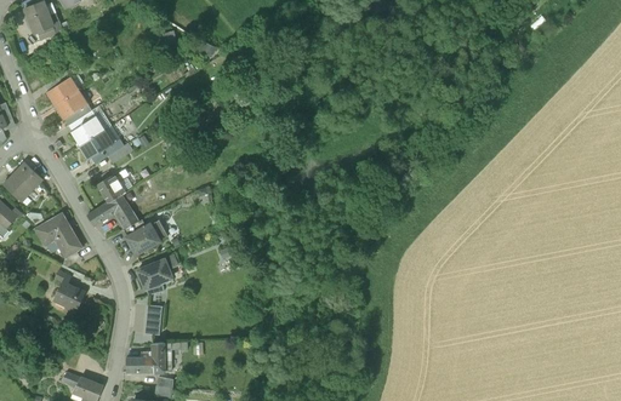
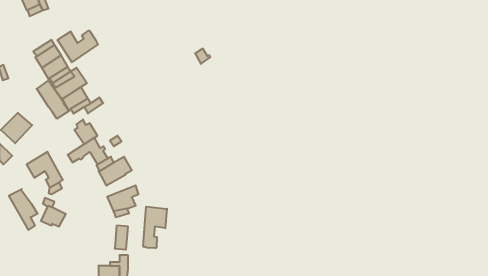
building: none -> [58,31,98,62]
building: none -> [37,81,69,119]
building: none -> [9,189,38,230]
building: none -> [143,207,167,248]

